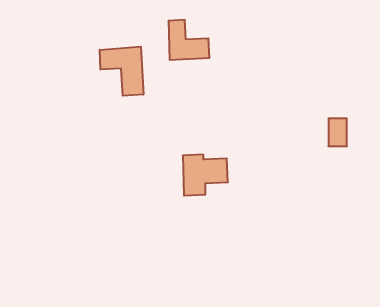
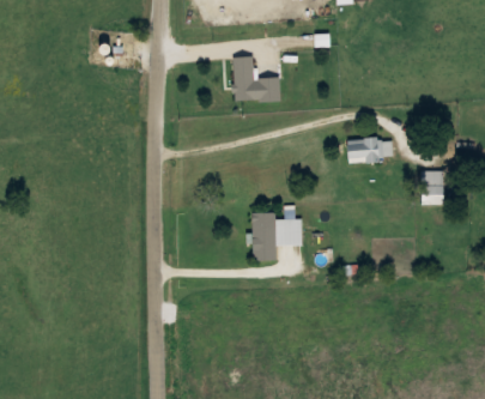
building: [100,47,143,96] -> none
building: none -> [345,139,394,161]

